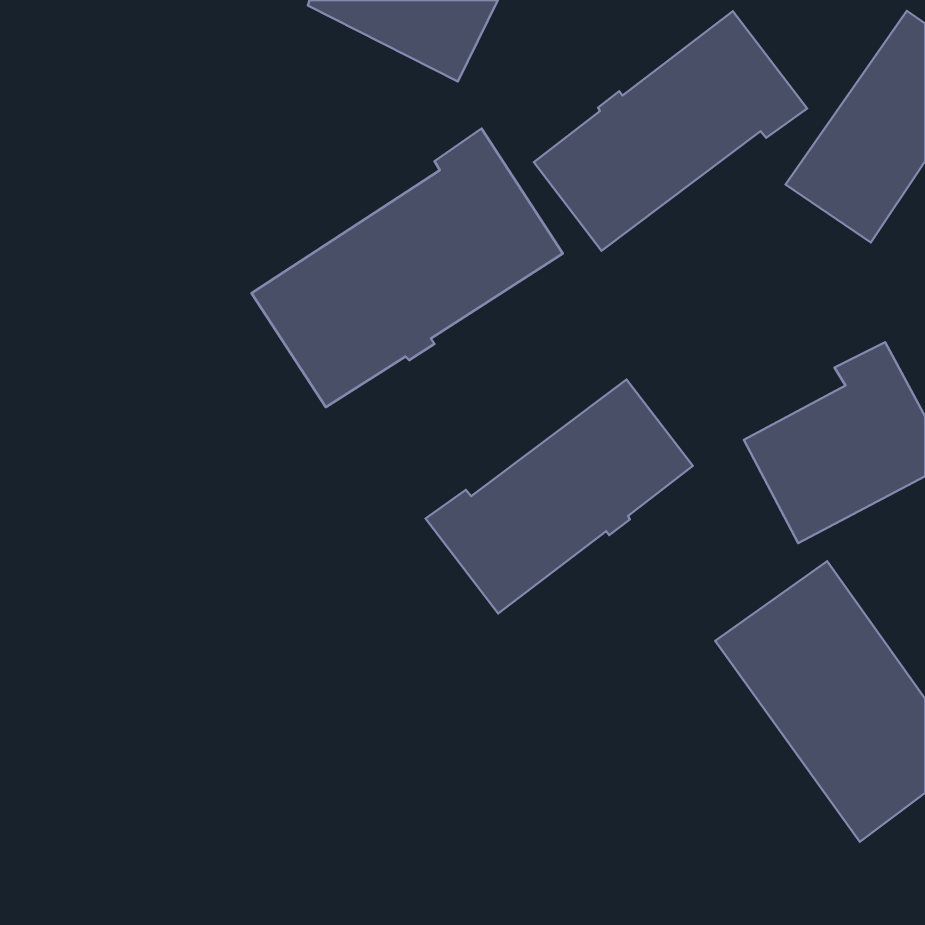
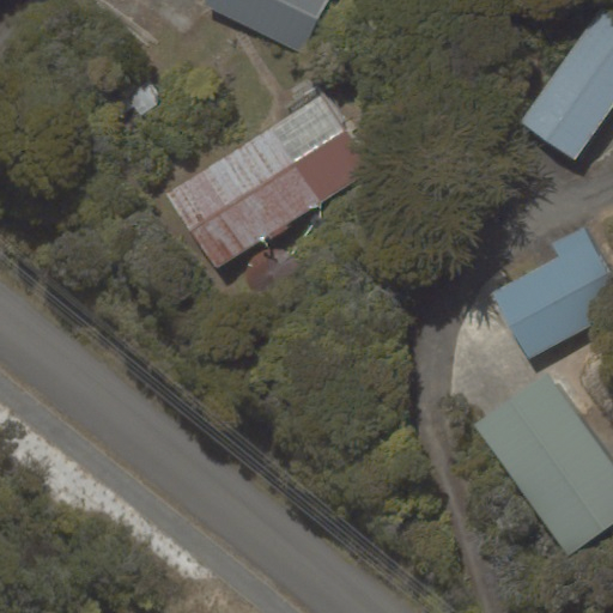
building: [534,11,807,251] -> none
building: [426,379,693,614] -> none

